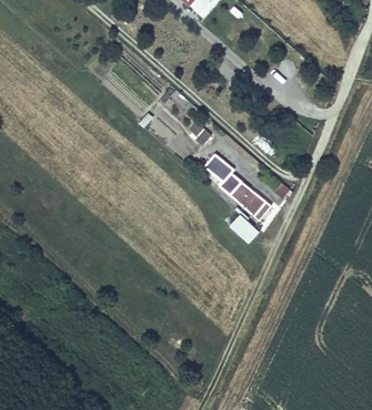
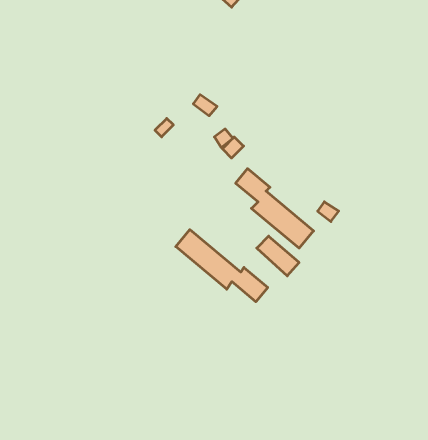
building: none -> [176,230,268,302]

